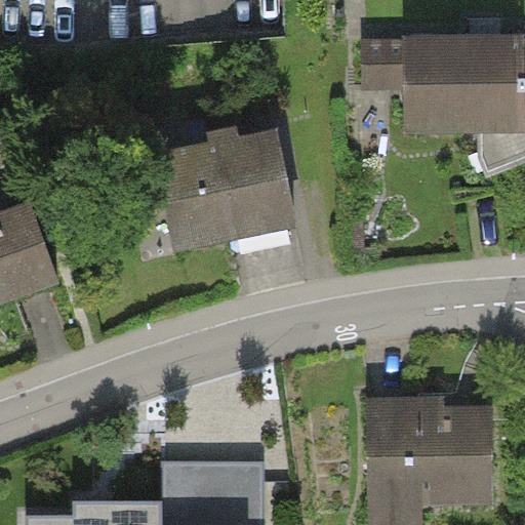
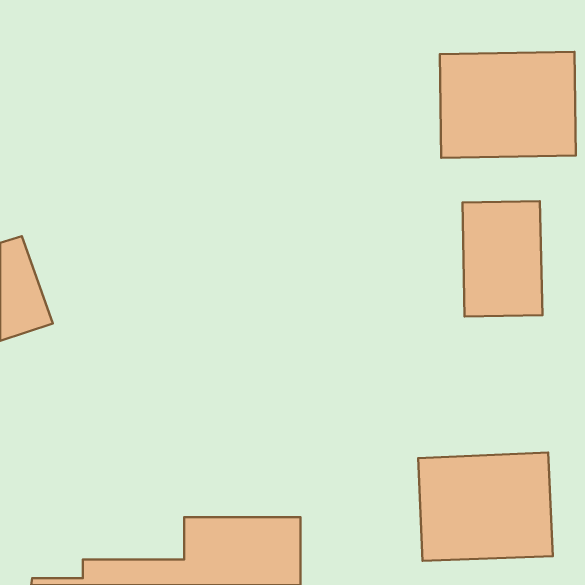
building: [143,137,283,257] -> none
building: none -> [462,201,543,316]

